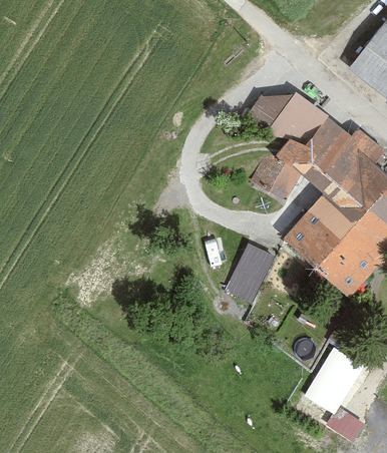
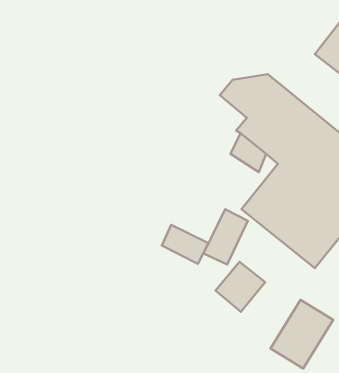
building: none -> [162,225,209,264]
building: none -> [215,262,265,312]

